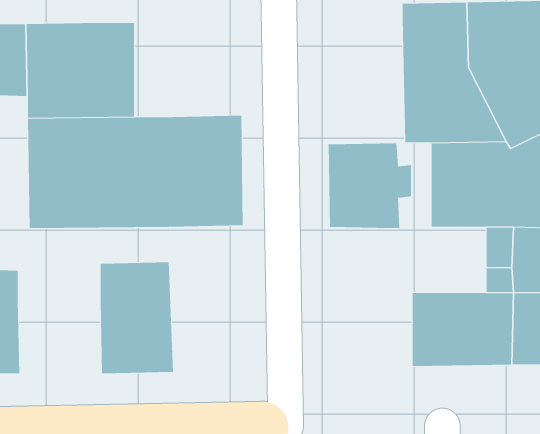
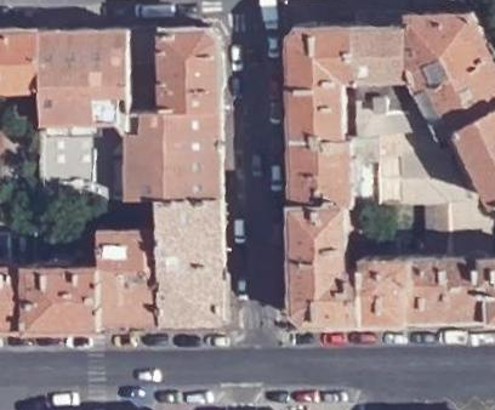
building: none -> [285,32,352,137]
building: none -> [126,34,216,114]
building: none -> [155,205,220,328]
building: none -> [289,206,358,323]
building: none -> [29,232,98,329]

